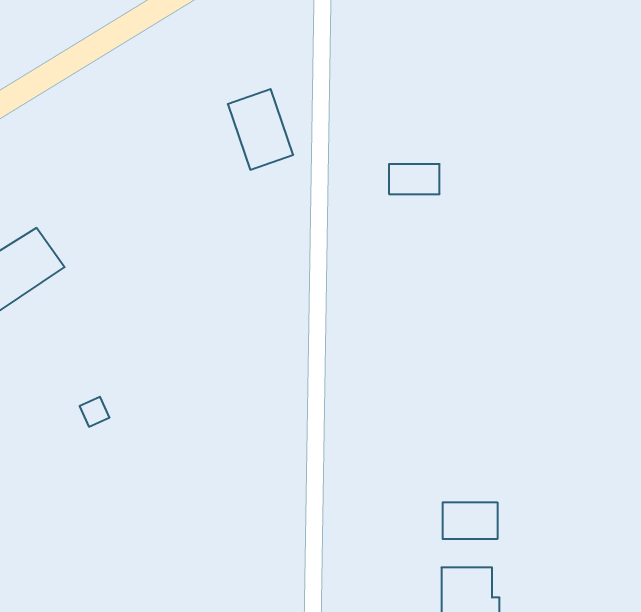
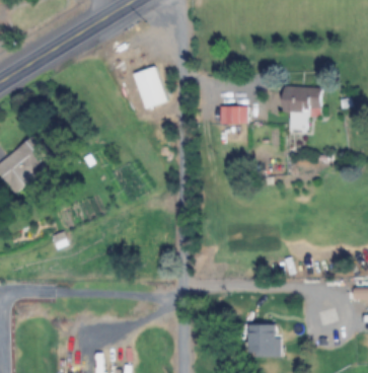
building: none -> [282,86,321,131]
building: [443,502,497,539] -> none

